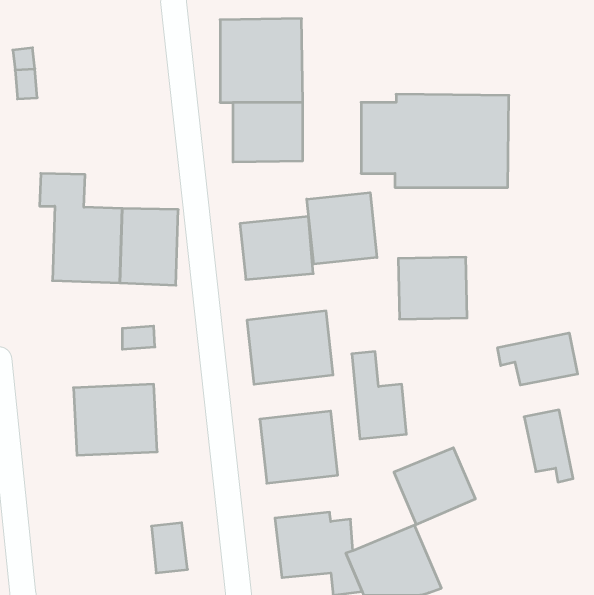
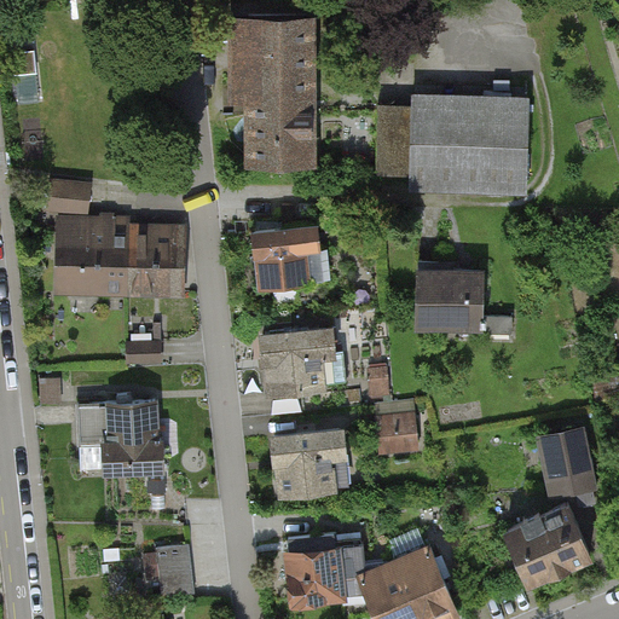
building: [307,193,377,264] -> none
building: [498,333,578,385] -> none
building: [394,448,475,525] -> [507,502,591,582]

